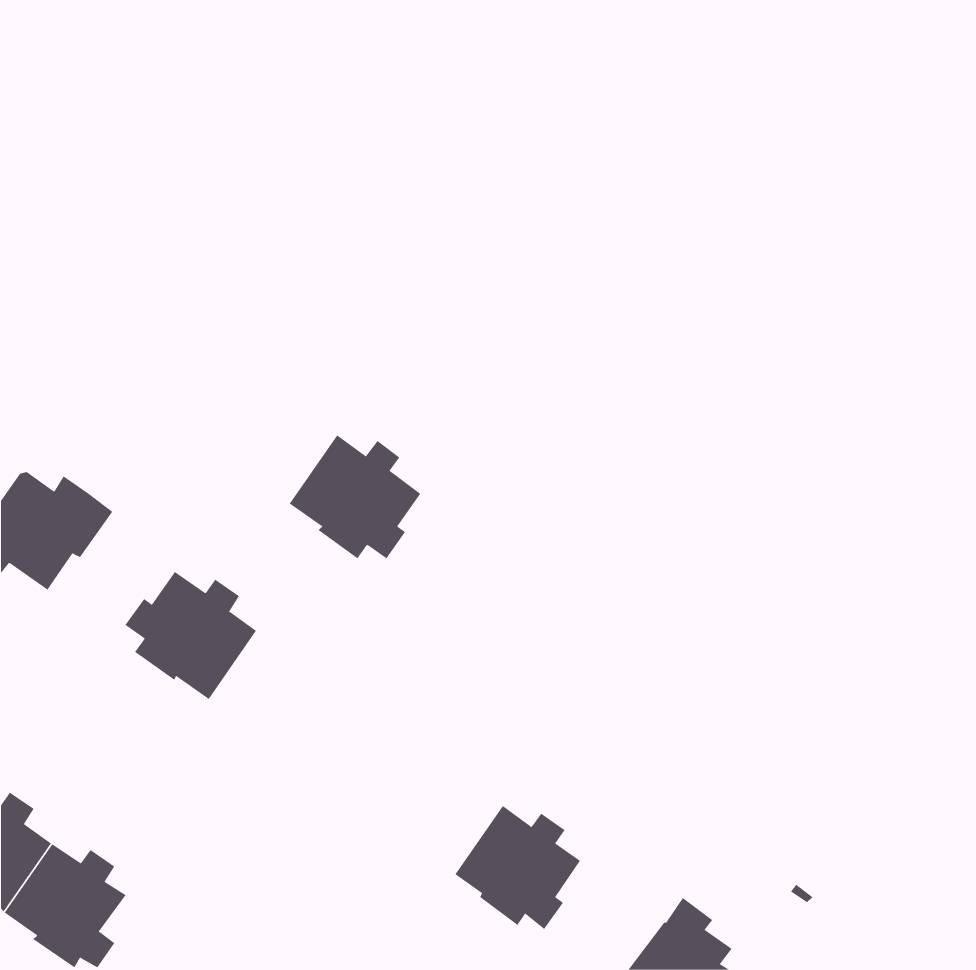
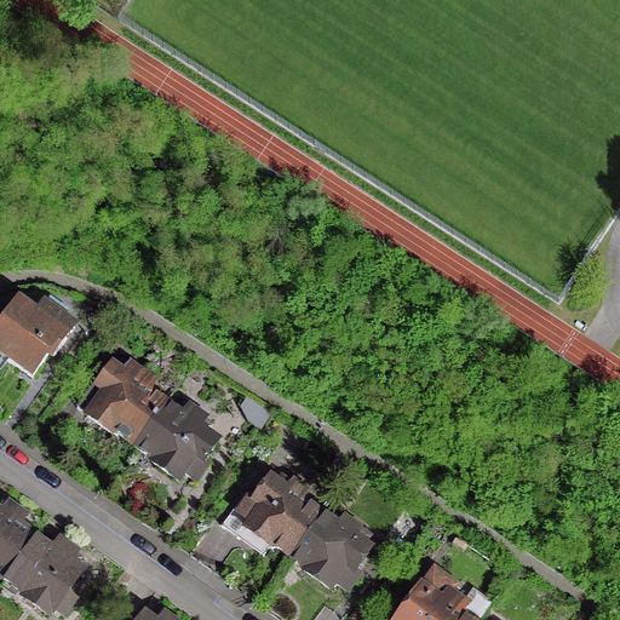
building: [289,434,421,559] -> [134,398,218,477]
building: none -> [222,473,320,552]

